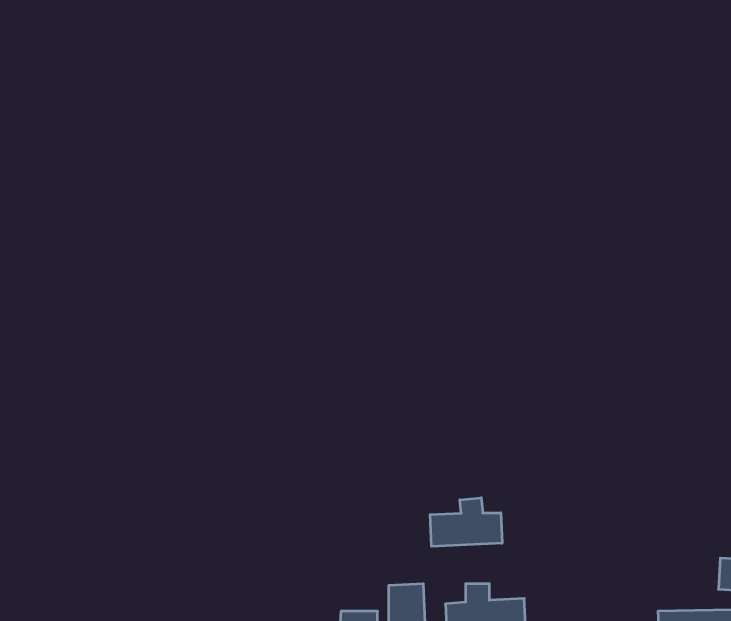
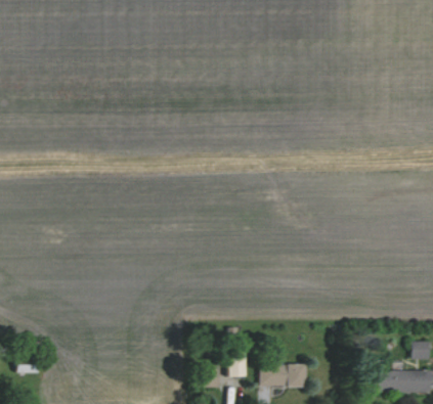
building: [430,498,502,546] -> none

